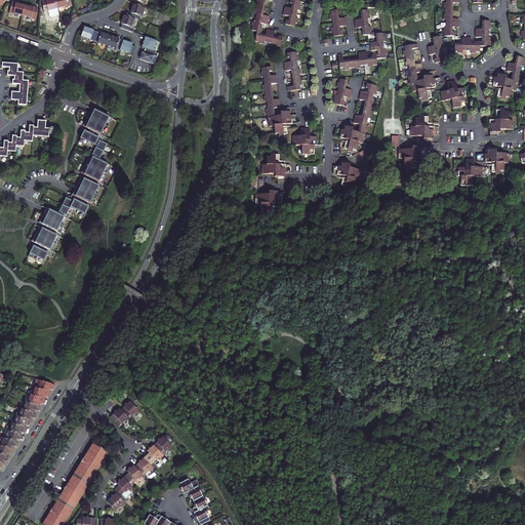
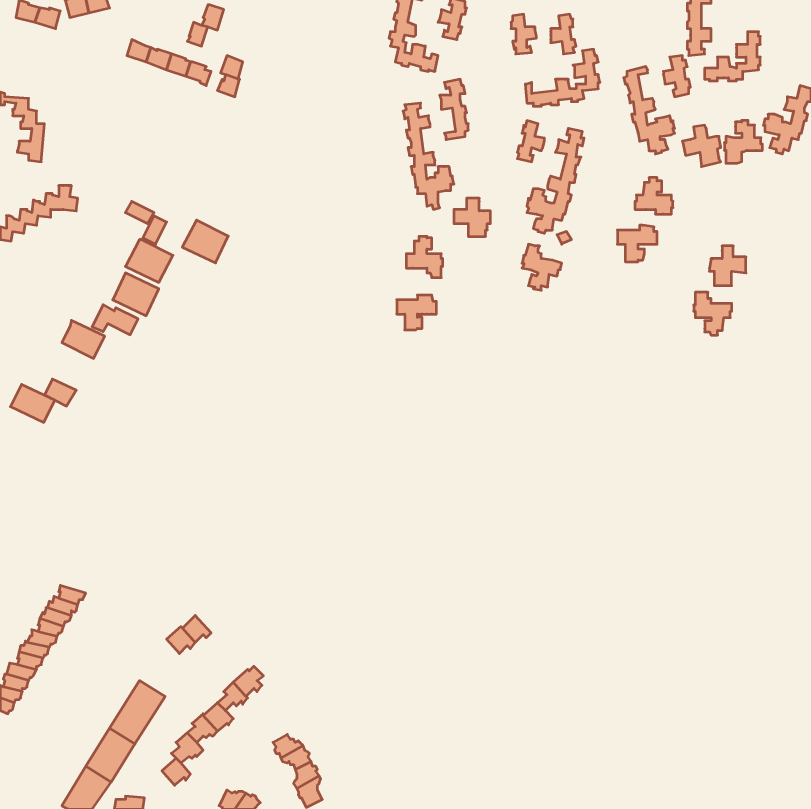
building: [83,108,113,135] -> [182,220,228,263]
building: [489,109,514,136] -> [724,120,762,163]
building: [485,146,510,173] -> [694,292,732,335]
building: [32,226,60,250] -> [10,384,55,422]

